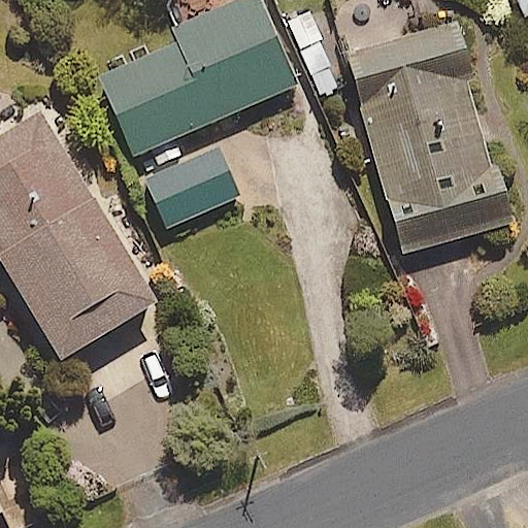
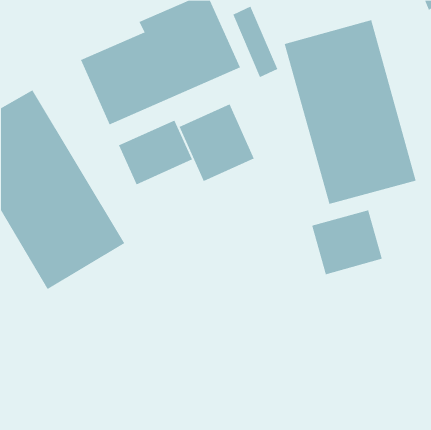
building: none -> [179,104,255,182]
building: none -> [311,209,382,275]

